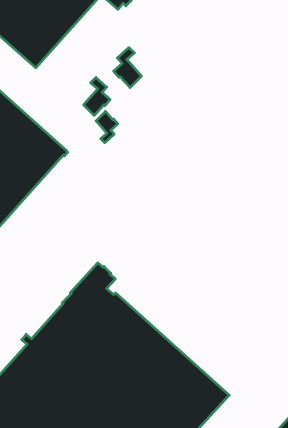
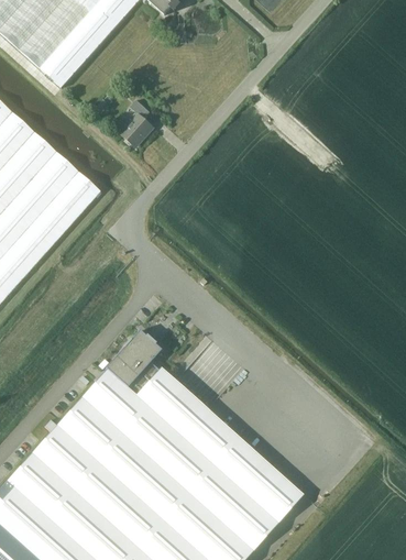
building: [114,48,141,88] -> none
building: [96,111,118,143] -> none

